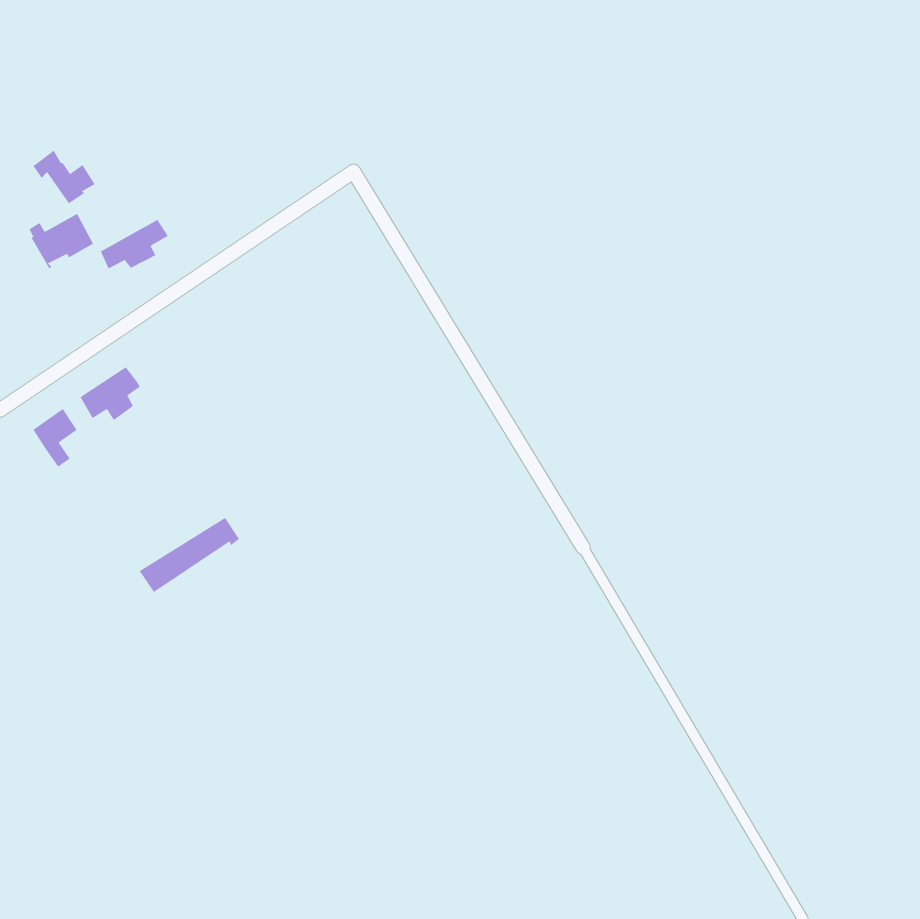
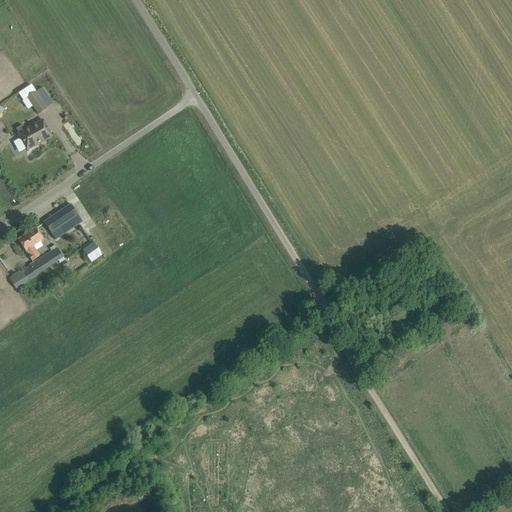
building: [100,219,169,269] -> none
building: [139,517,240,593] -> [9,246,65,288]

